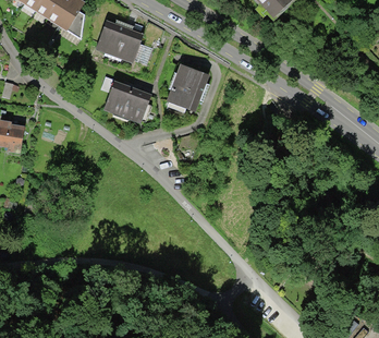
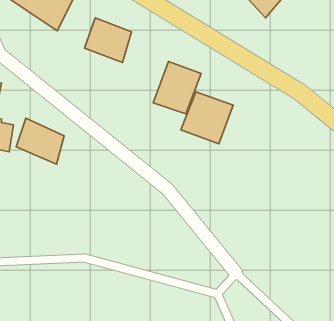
building: [103,77,151,123] -> [16,118,64,164]
building: none -> [181,92,233,144]

